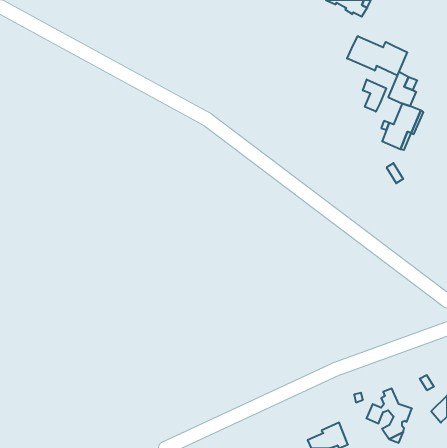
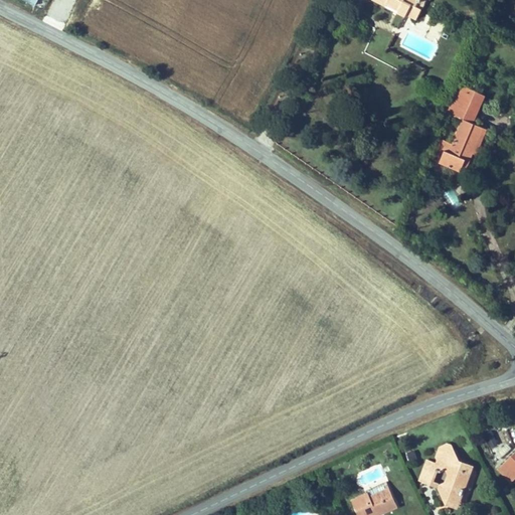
building: [347,36,407,76] -> none
building: [363,79,386,112] -> none

